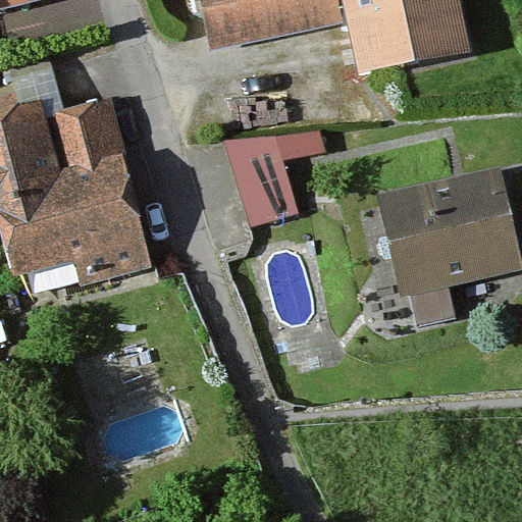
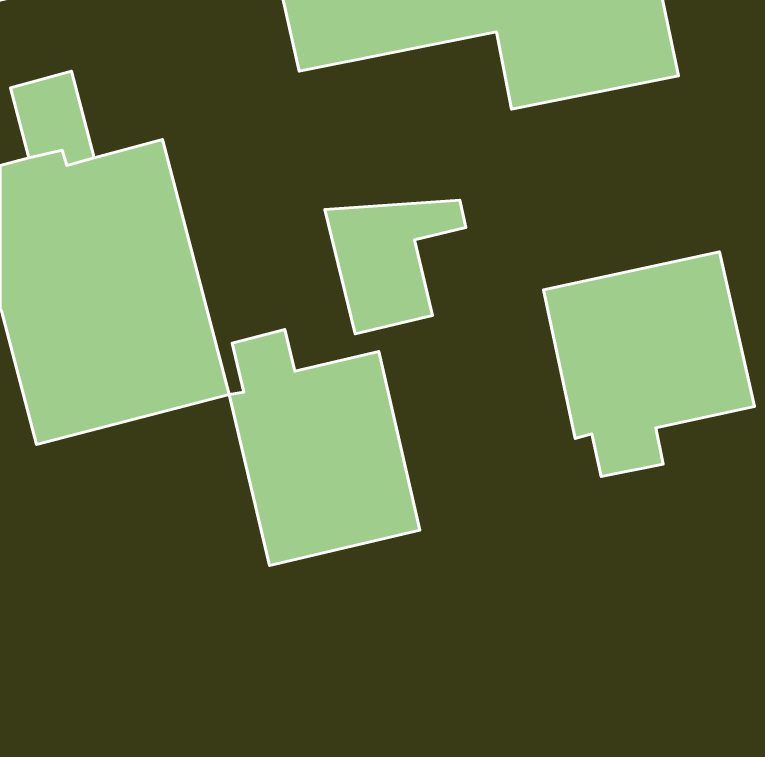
building: none -> [229,329,420,565]

